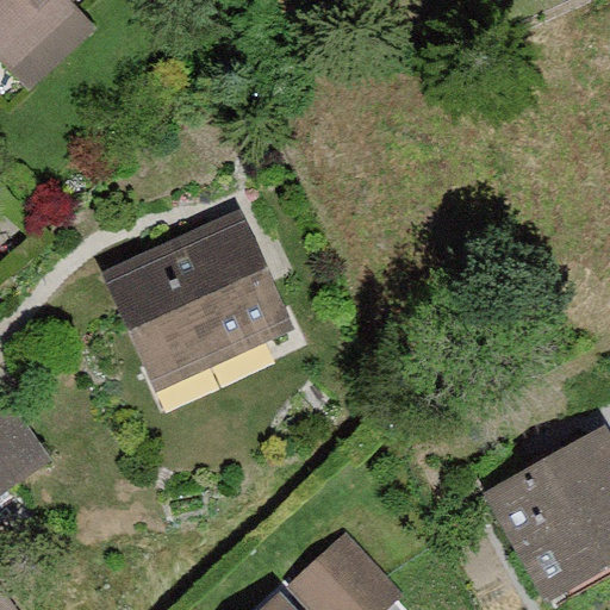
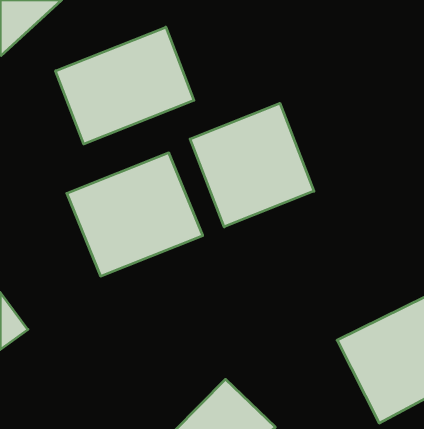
building: none -> [56,27,194,144]
building: none -> [190,103,314,227]

